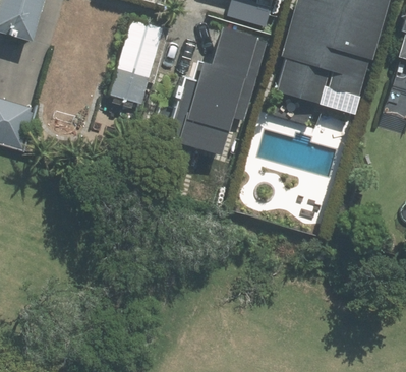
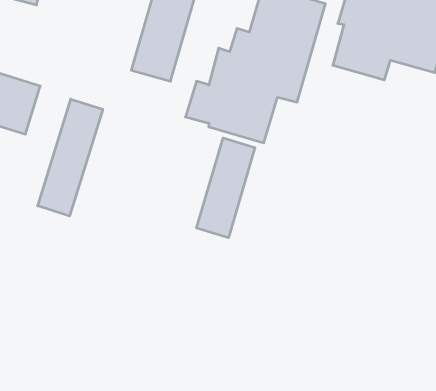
building: none -> [38,99,103,216]
building: none -> [197,138,255,238]

